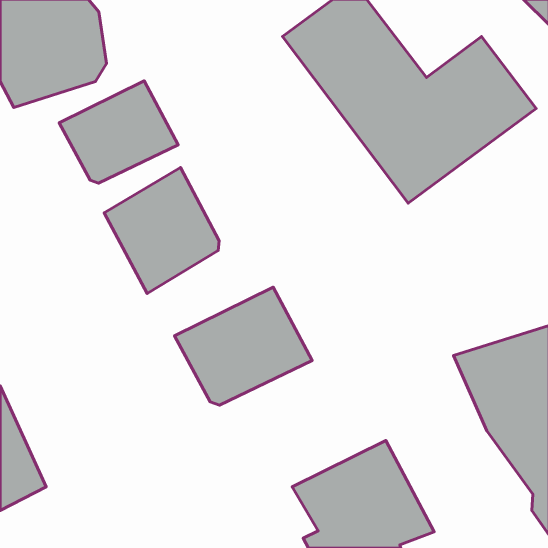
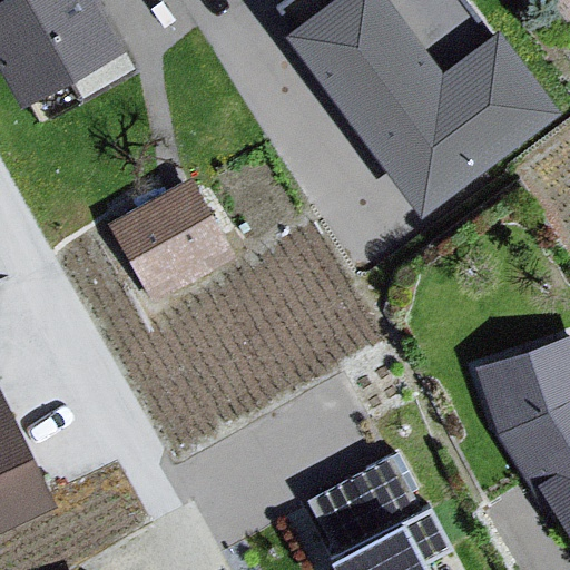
building: [59,81,178,183] -> none
building: [174,287,312,405] -> none

